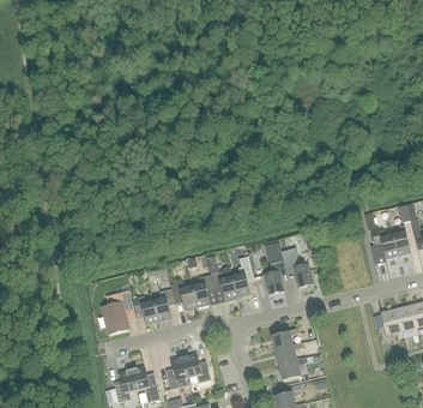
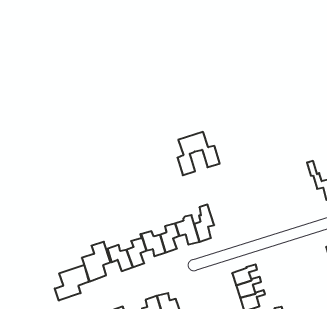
building: [265,247,313,295] -> [177,132,220,175]
building: none -> [55,265,89,301]

